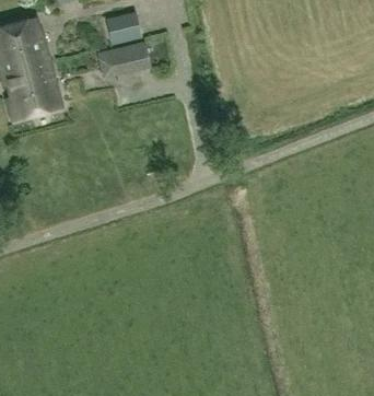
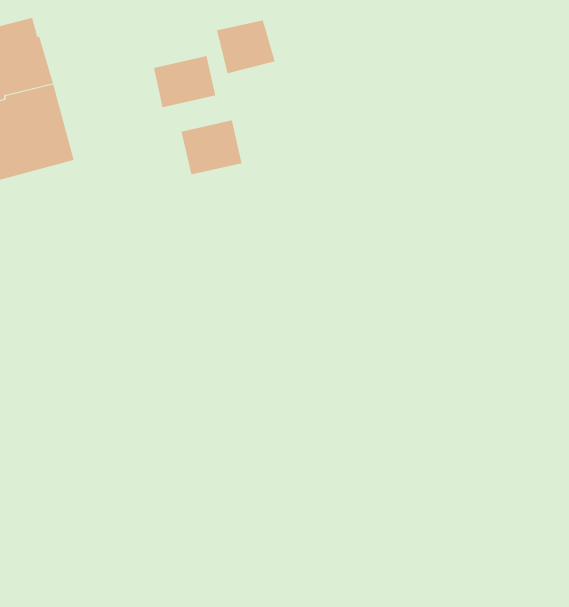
building: [105,12,142,46] -> [216,20,276,74]
building: none -> [181,120,242,175]

